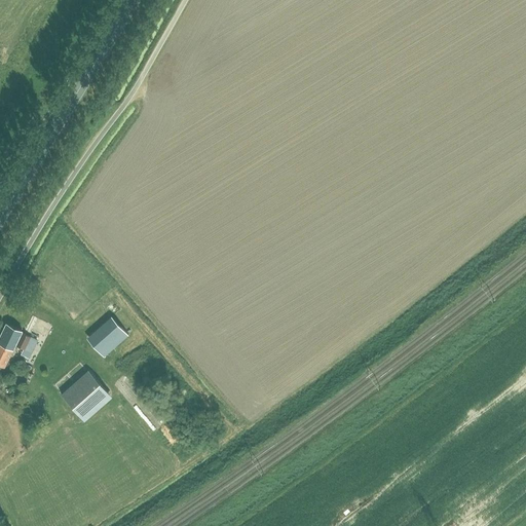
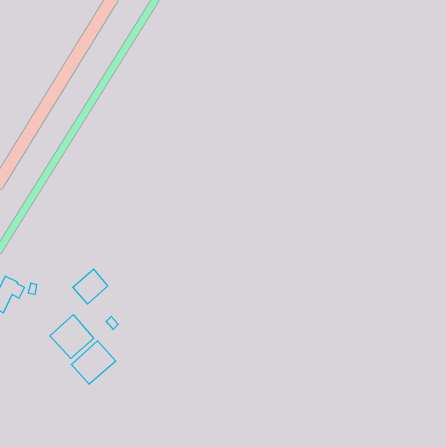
building: none -> [71,341,116,384]

